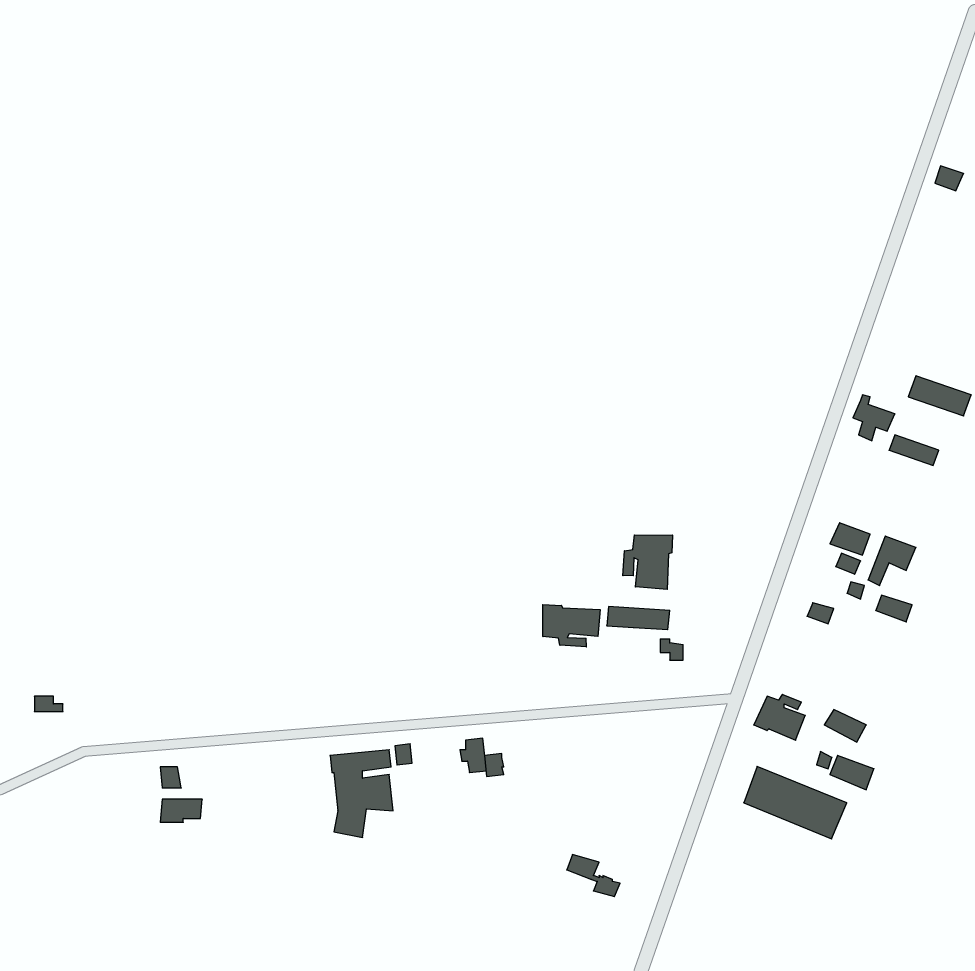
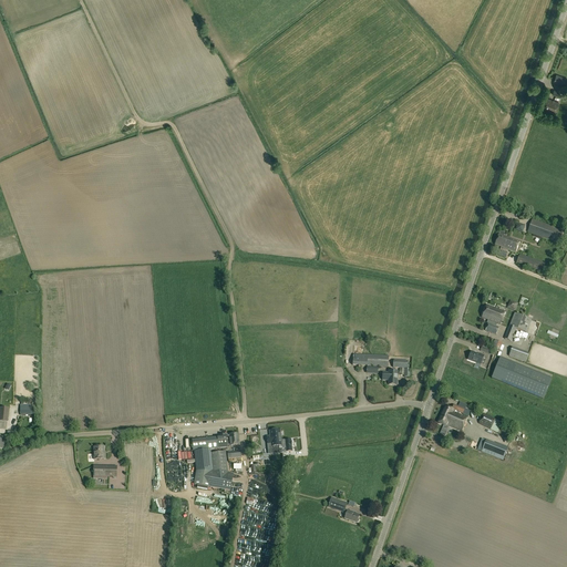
building: [623,535,672,589] -> none
building: [543,605,600,647] -> none
building: [744,766,847,839] -> [492,355,551,398]

